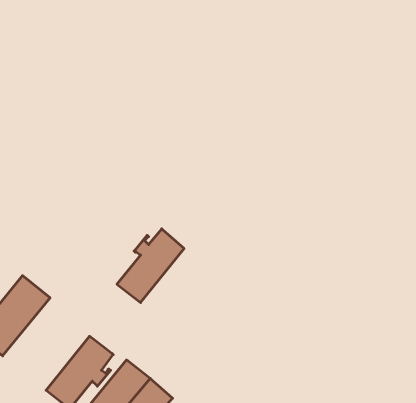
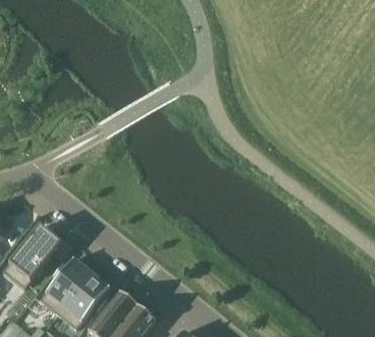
building: [117,229,184,303] -> [40,257,92,314]

